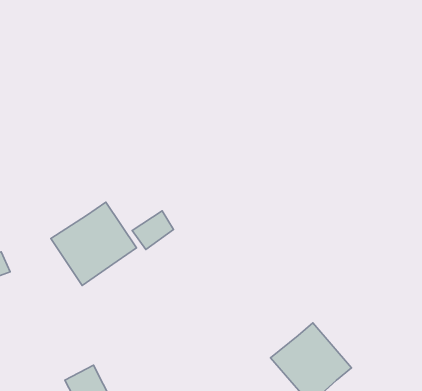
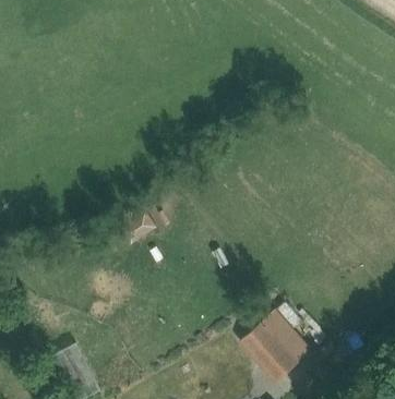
building: [51,202,136,286] -> none

